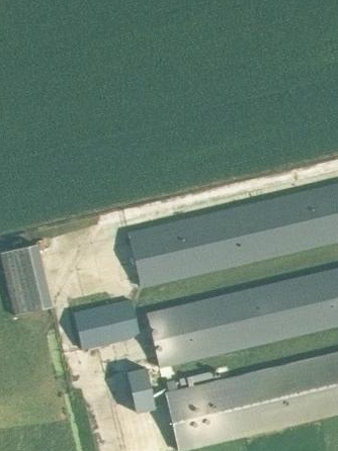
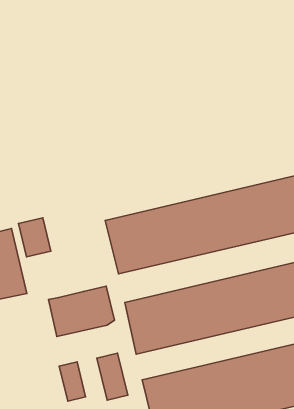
building: none -> [18,218,51,257]
building: none -> [59,362,86,401]

